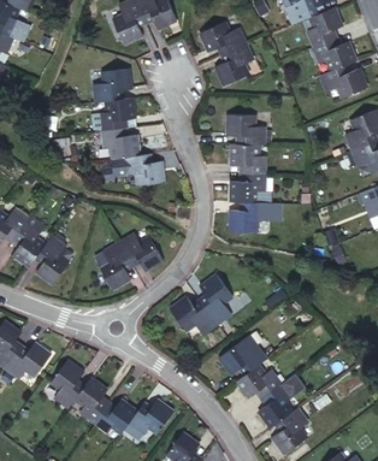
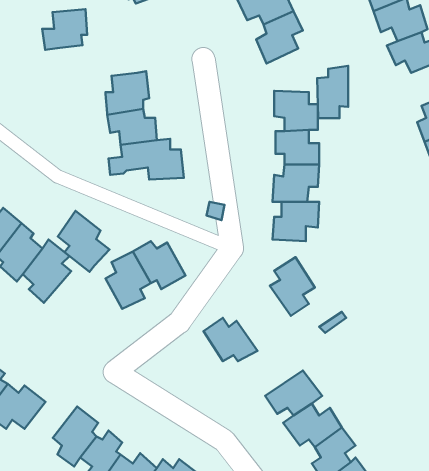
building: [89,67,125,100] -> [42,9,87,50]
building: none -> [317,66,348,118]
building: none -> [58,211,109,272]
building: [201,272,237,319] -> [270,257,315,316]

